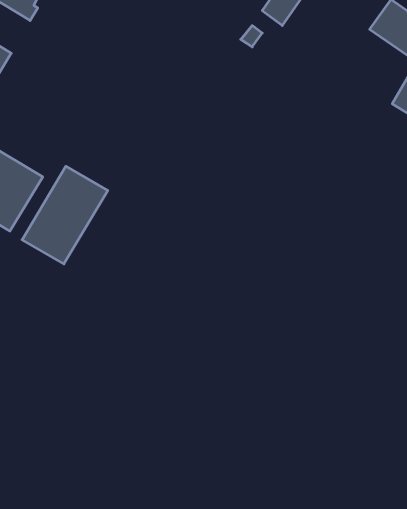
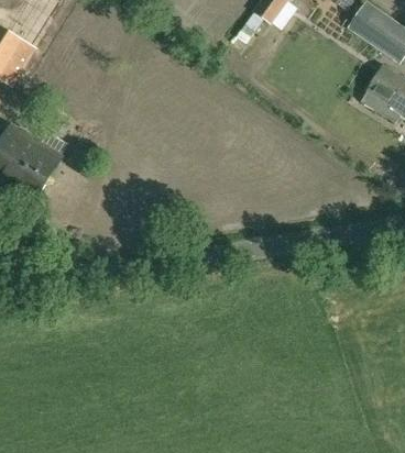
building: [22,166,108,264] -> none

